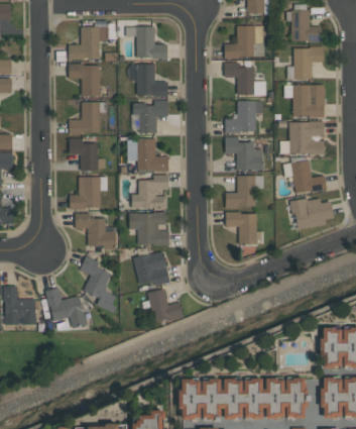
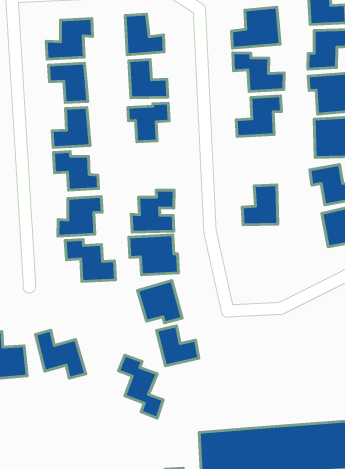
building: [225,136,263,170] -> none
building: [128,138,169,171] -> none
building: [226,212,264,243] -> none
building: [80,256,116,311] -> [119,355,163,418]

